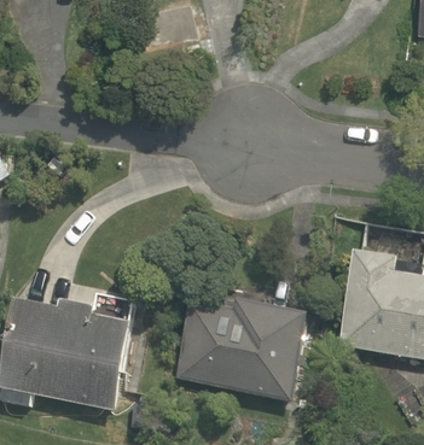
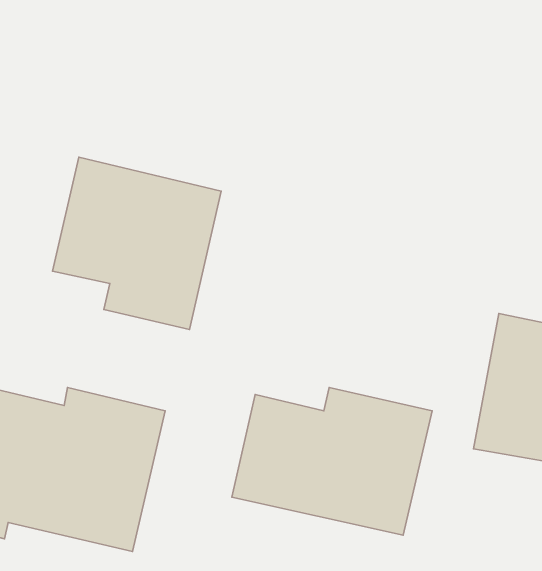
building: none -> [53,157,221,329]

